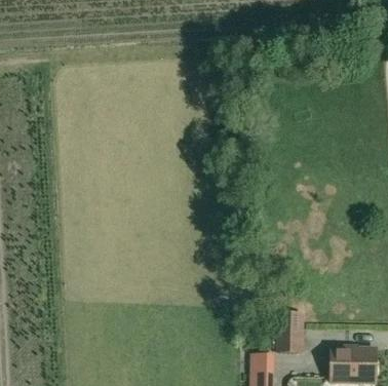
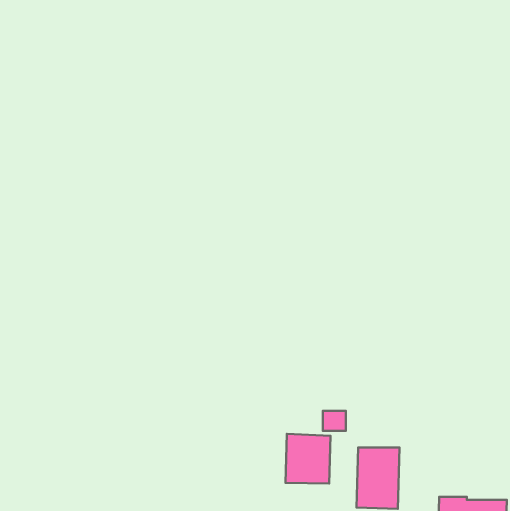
building: none -> [286,434,330,483]

